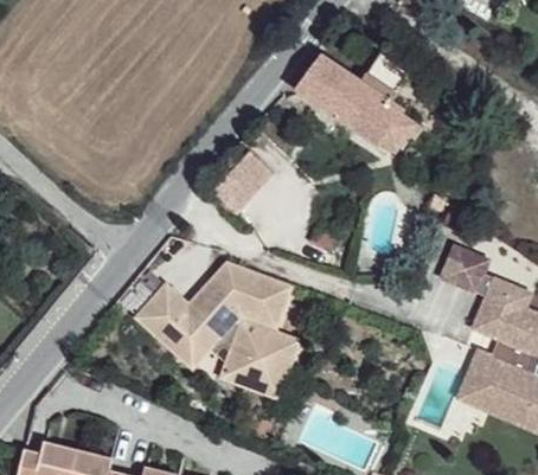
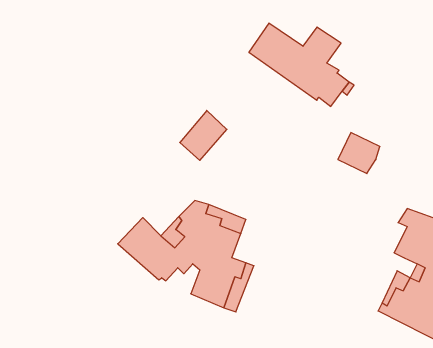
building: [440,242,489,290] -> [338,133,380,174]

